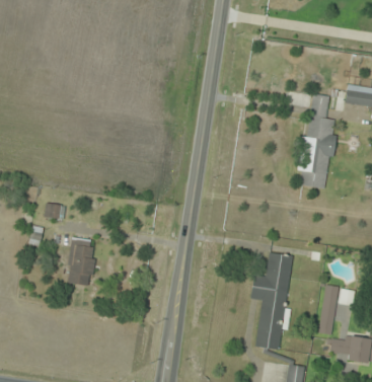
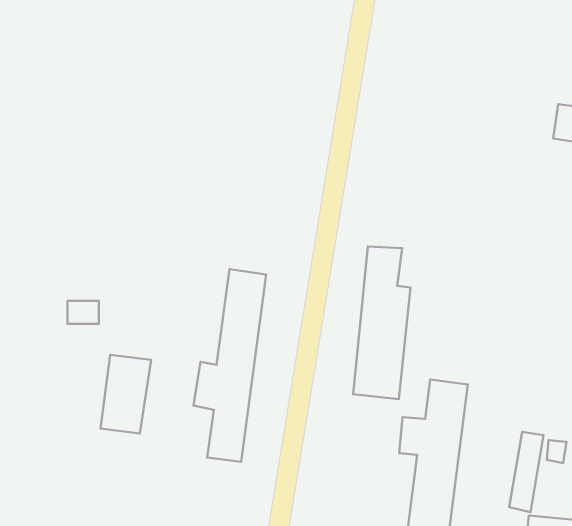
building: [299,95,334,189] -> [353,247,410,399]
building: none -> [193,269,266,462]

